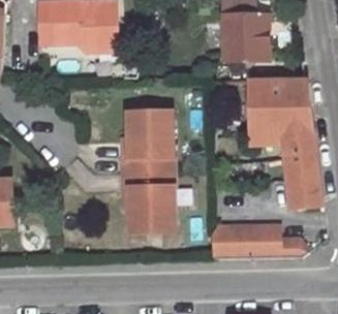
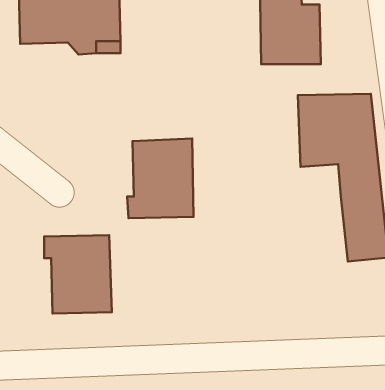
building: [123,174,175,233] -> [44,235,112,314]
building: [214,224,309,260] -> none

